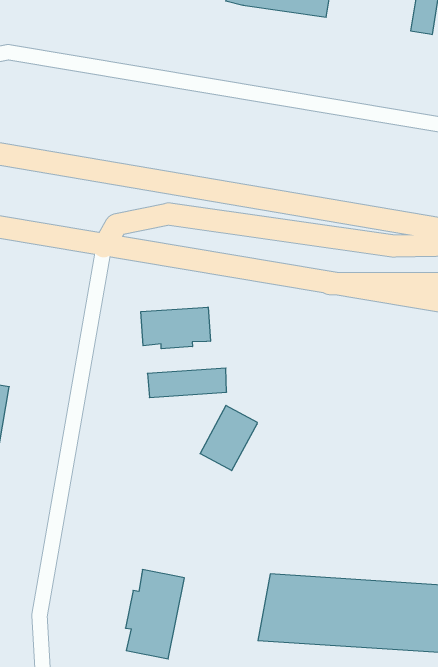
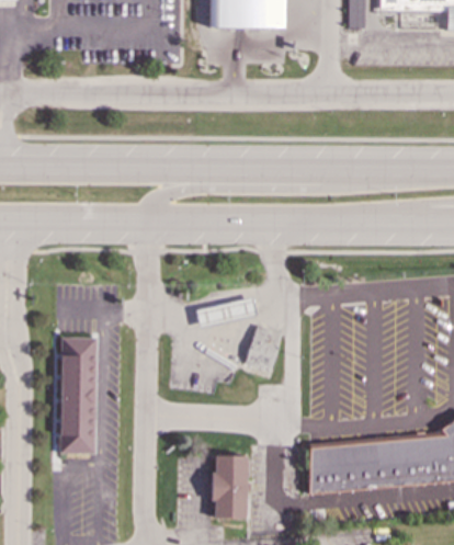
building: [141,307,210,349] -> none

